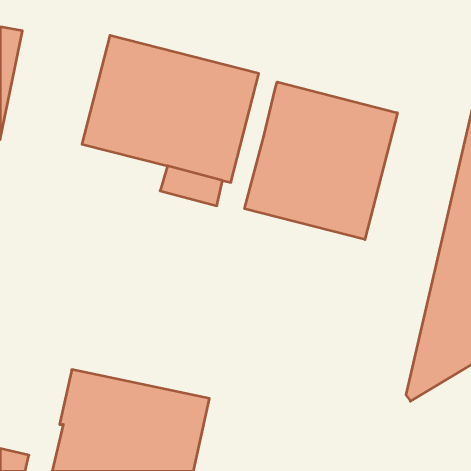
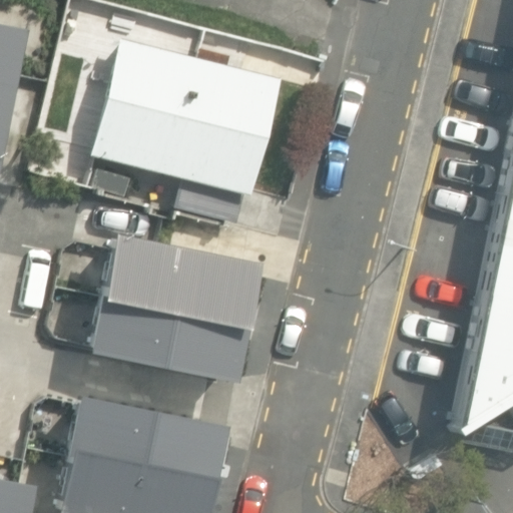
building: [245,82,397,240] -> none
building: none -> [91,235,264,386]

